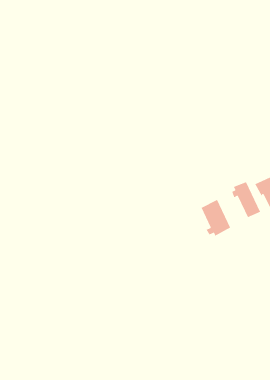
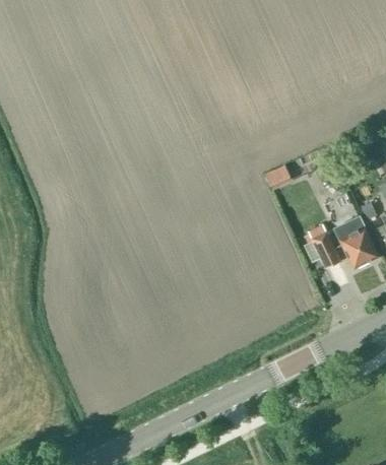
building: [201,199,231,237] -> none

